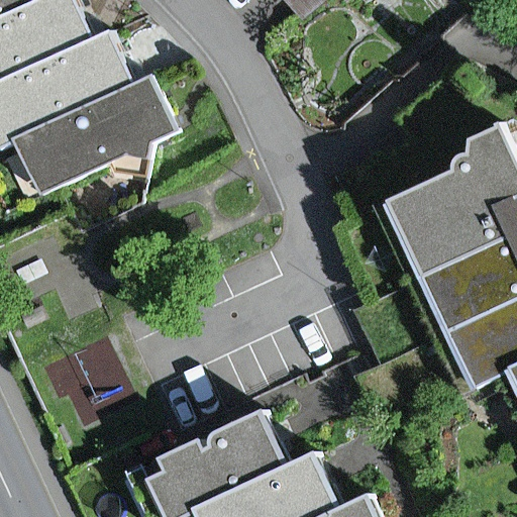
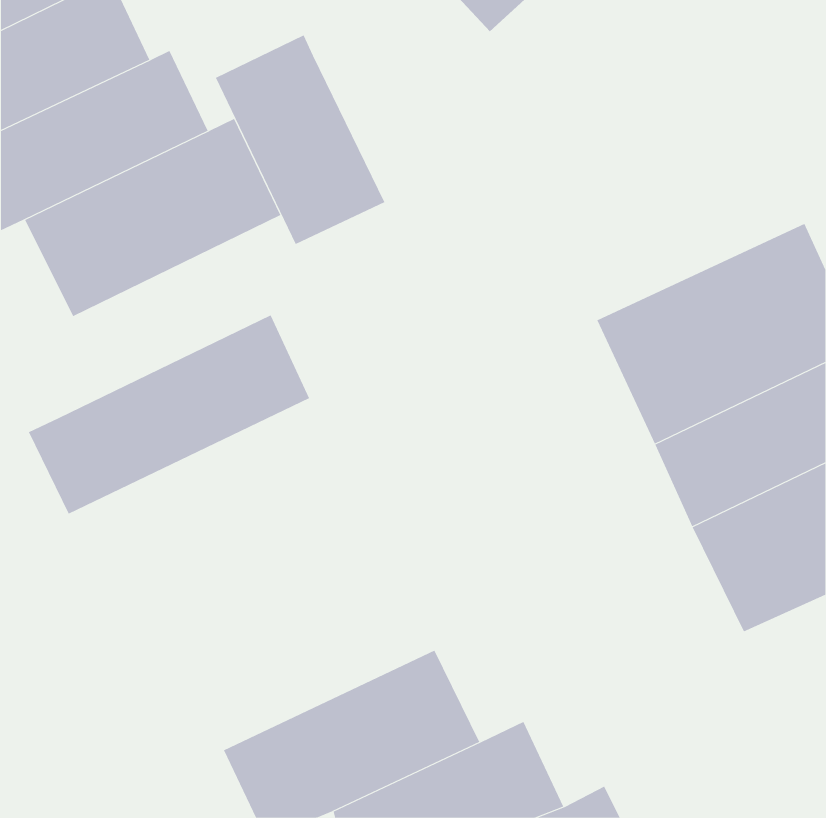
building: none -> [215,35,385,245]
building: none -> [28,314,310,515]

